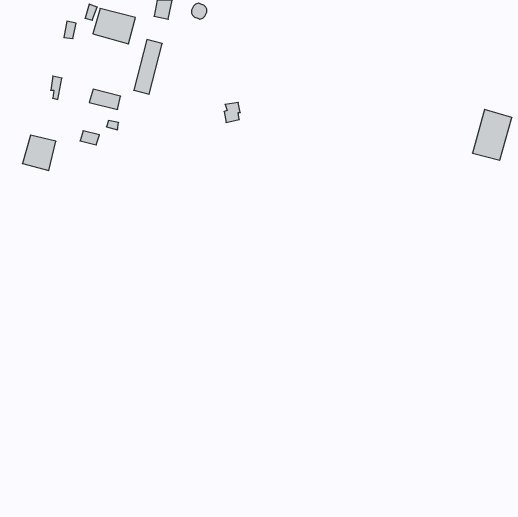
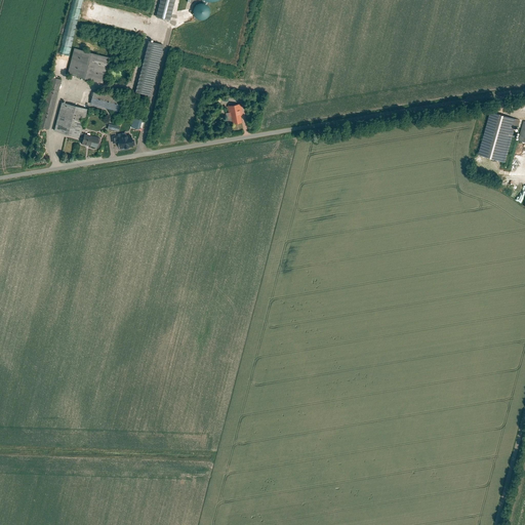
building: [93,8,135,44] -> [67,48,110,84]
building: [22,135,56,171] -> [53,103,87,138]

